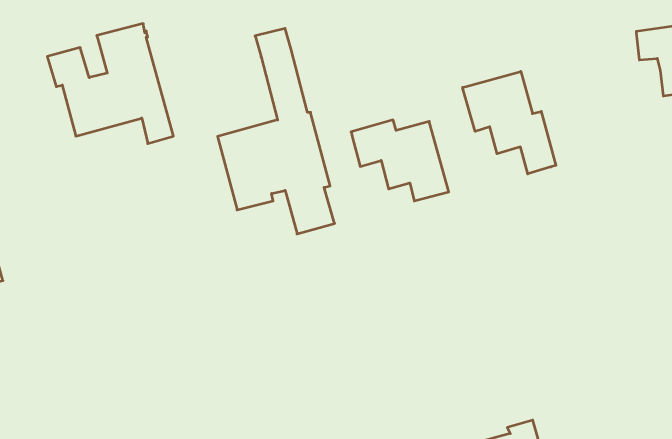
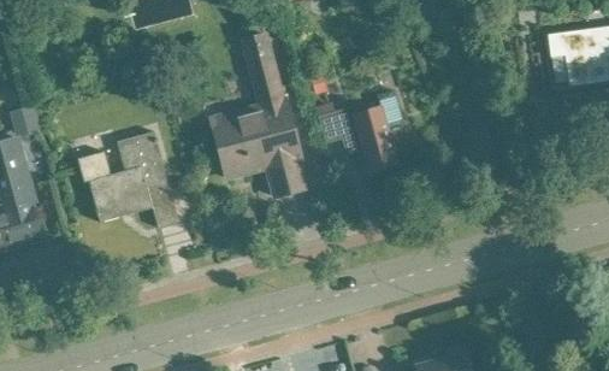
building: [47,24,173,144] -> [76,131,177,228]
building: [463,71,556,174] -> none

